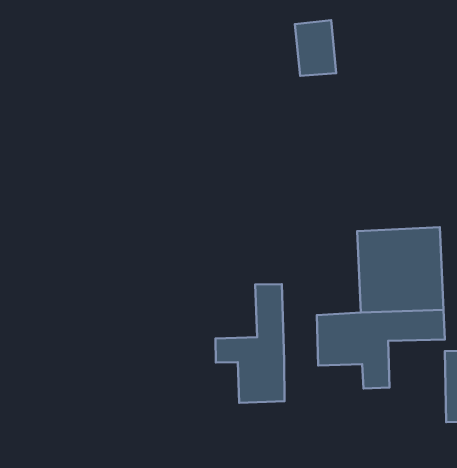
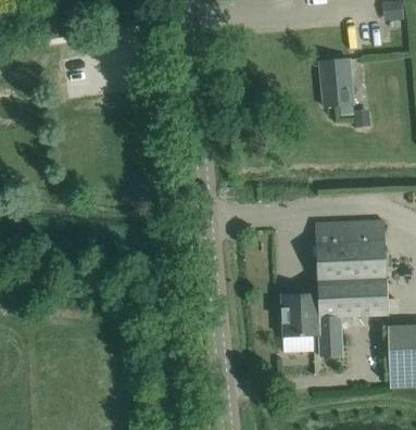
building: [295,20,336,76] -> [319,59,354,105]
building: [215,284,284,403] -> none

